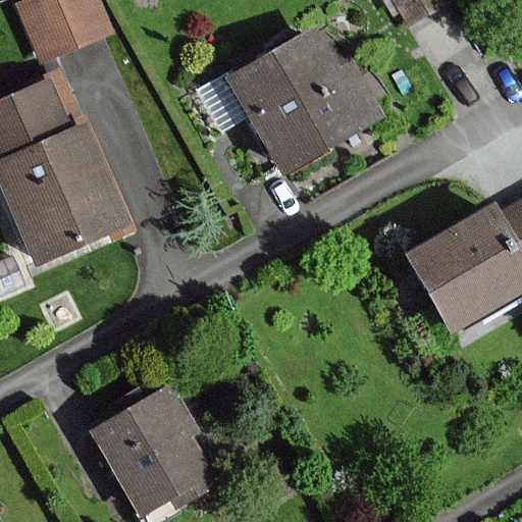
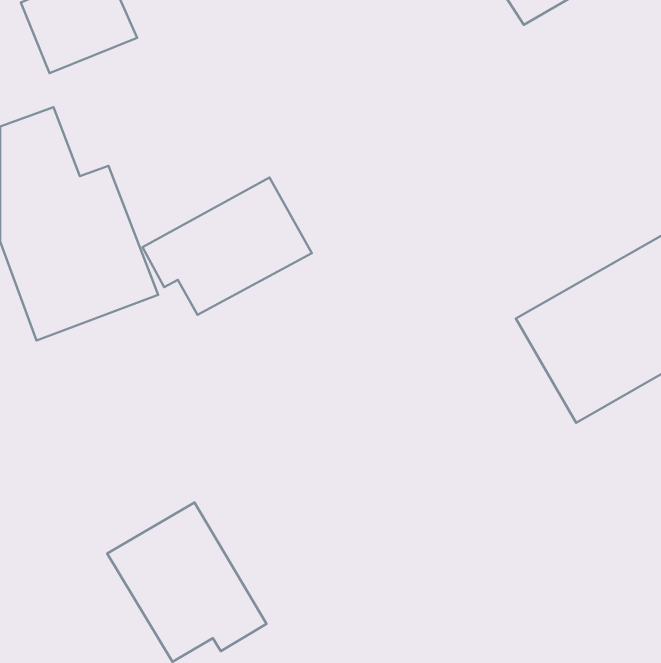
building: [227,27,386,170] -> none
building: none -> [142,178,312,315]

